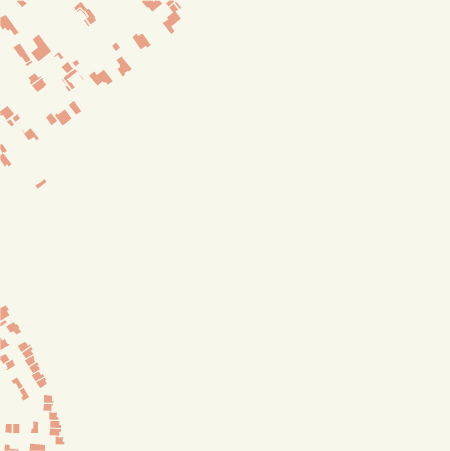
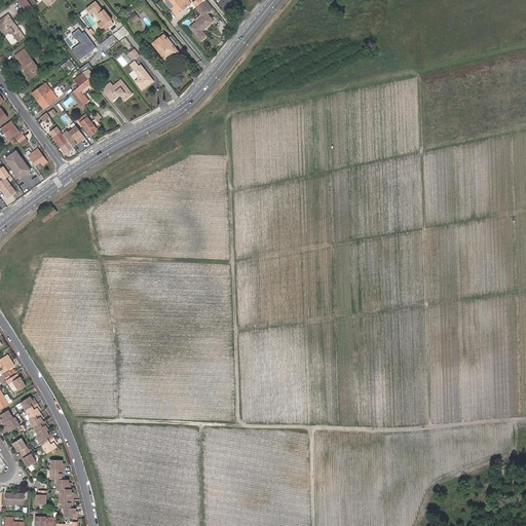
building: [30,33,52,63] -> [69,27,95,61]
building: none -> [4,151,31,180]

